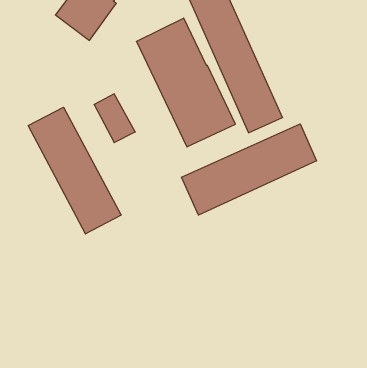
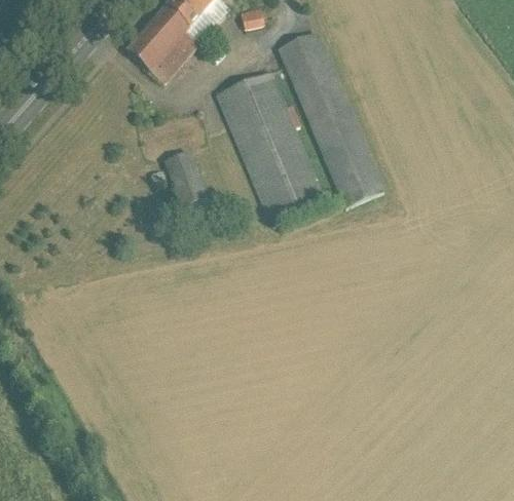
building: [28,107,121,234] -> none
building: [181,124,316,215] -> none

